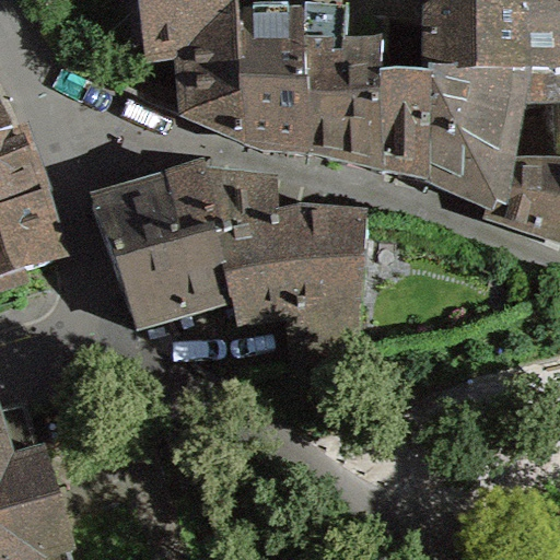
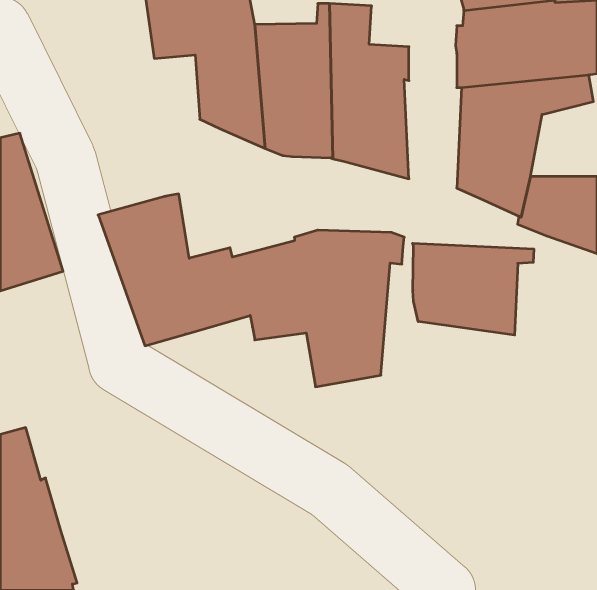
building: [378,74,432,176] -> none
building: [167,172,276,242] -> none
building: none -> [413,243,534,335]

